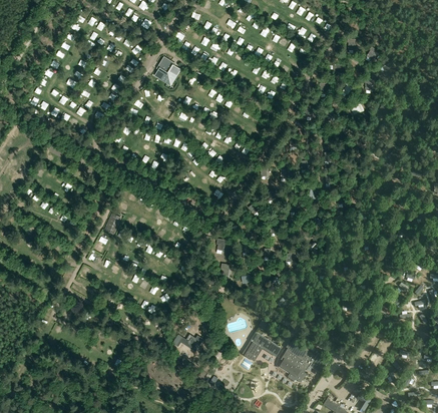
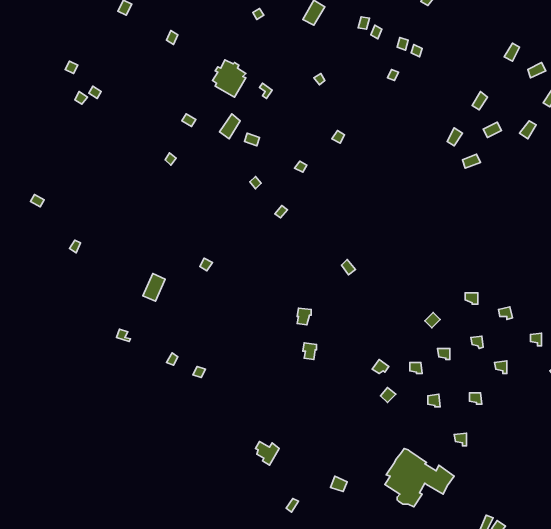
building: [243,331,282,361] -> none

